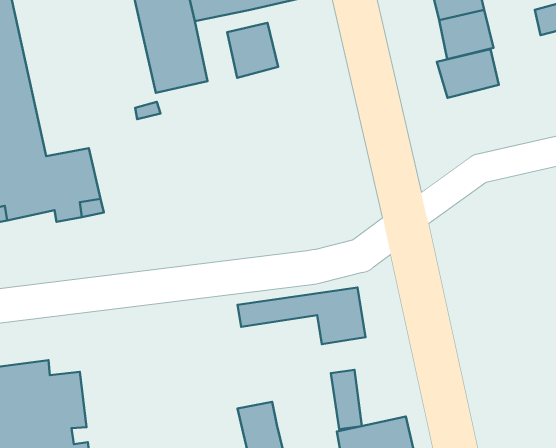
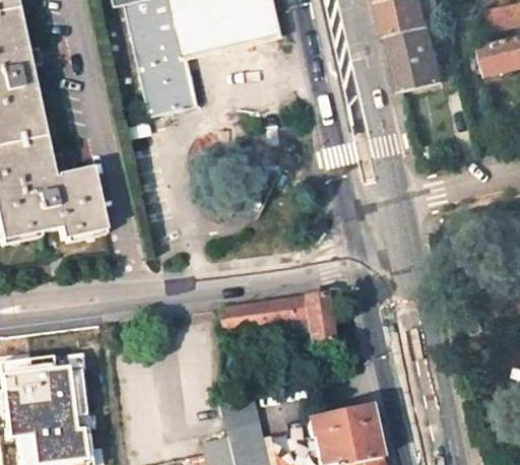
building: [227,23,278,78] -> none
building: [437,49,499,98] -> none
building: [331,370,362,429] -> none

